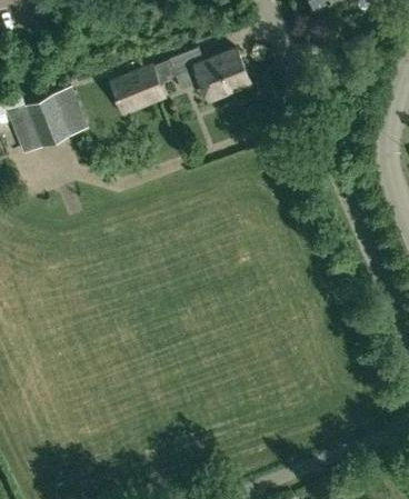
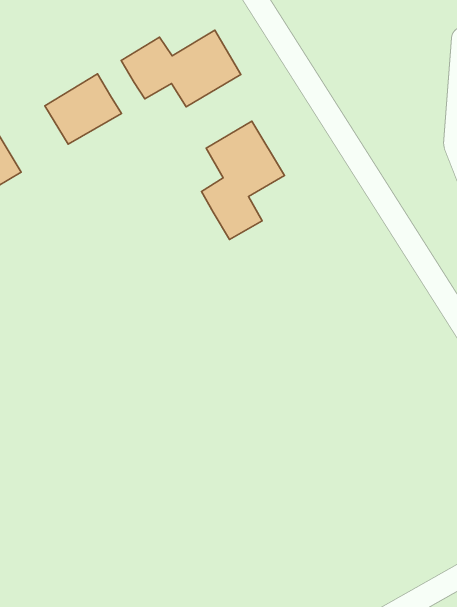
building: none -> [202,121,284,239]

